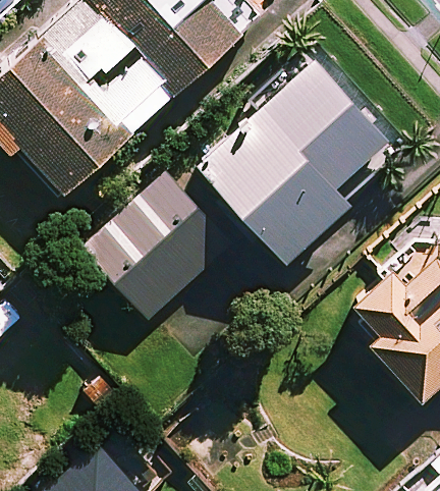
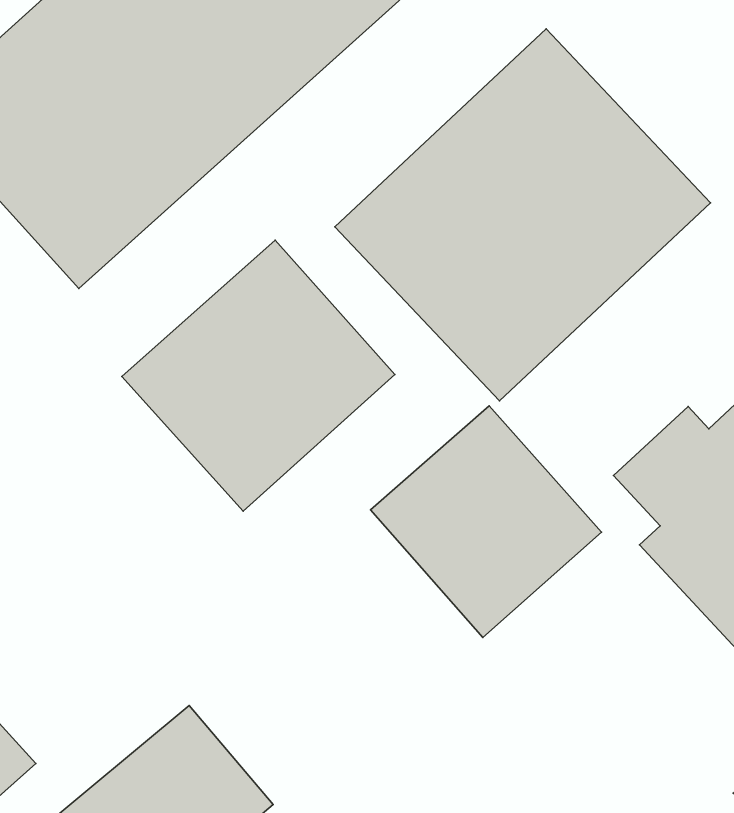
building: none -> [371,406,601,637]

